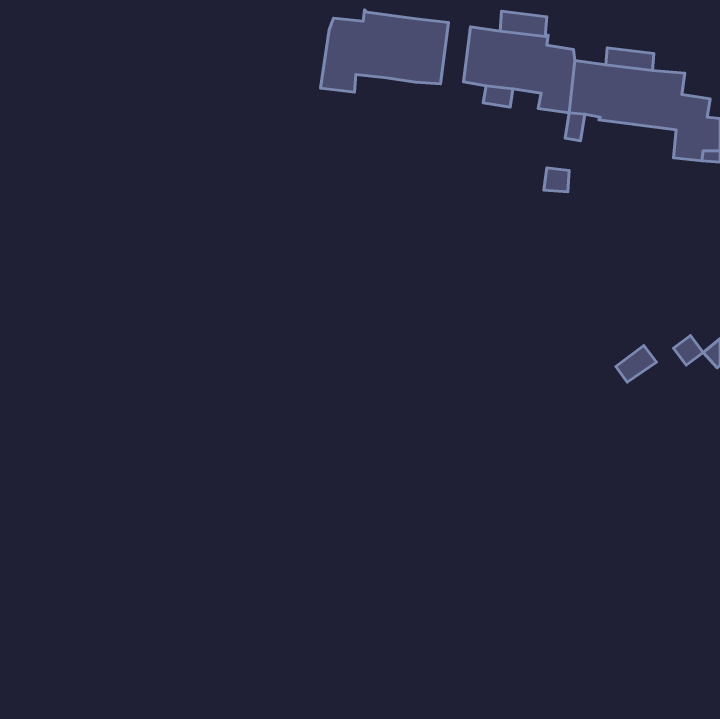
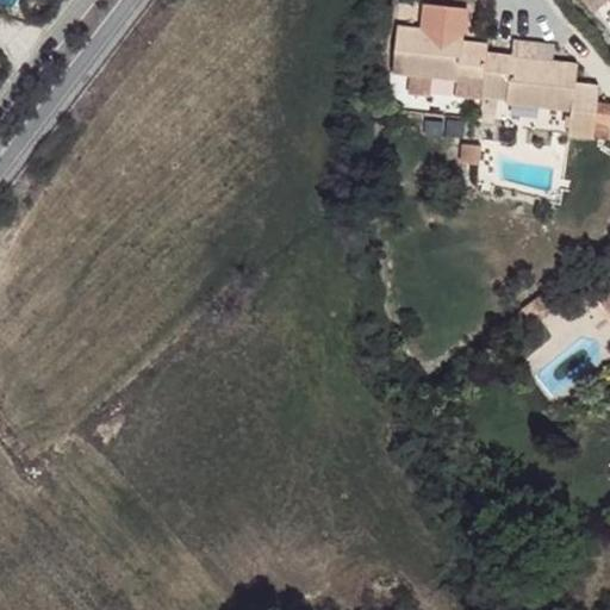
building: [320,10,449,92] -> none

